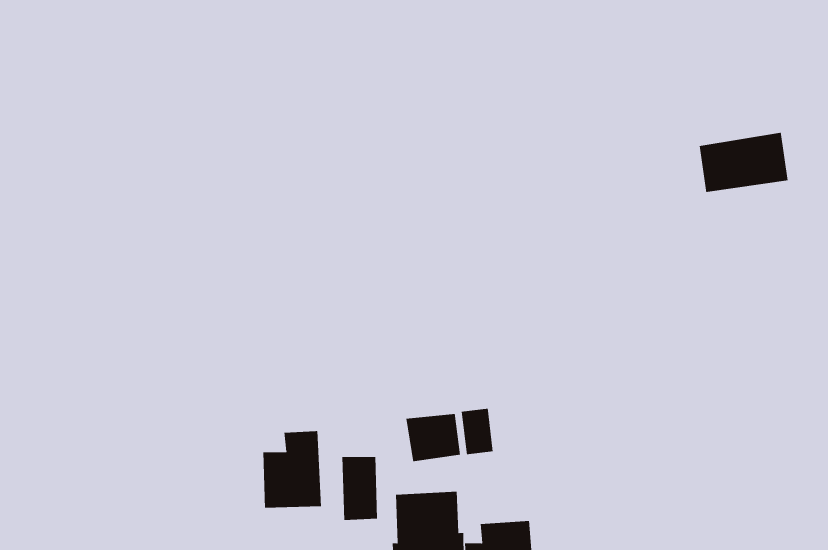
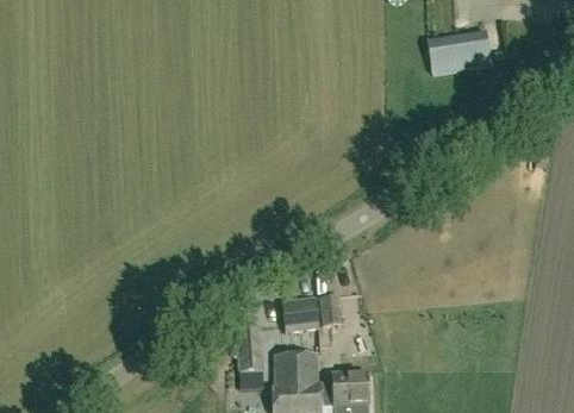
building: [699,132,789,193] -> [428,32,489,74]
building: [263,430,328,509] -> none

